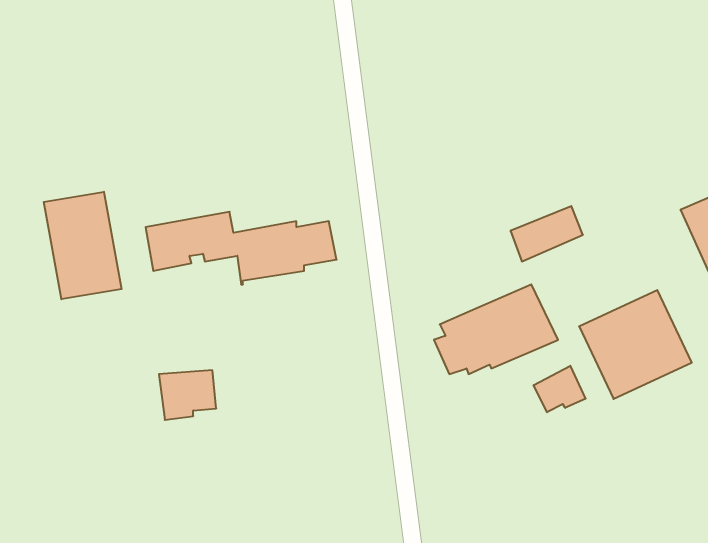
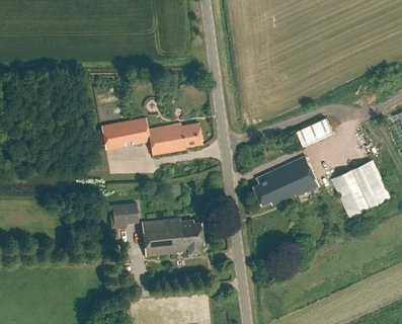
building: [44,192,122,299] -> none
building: [534,366,586,412] -> none
building: none -> [142,219,204,256]

